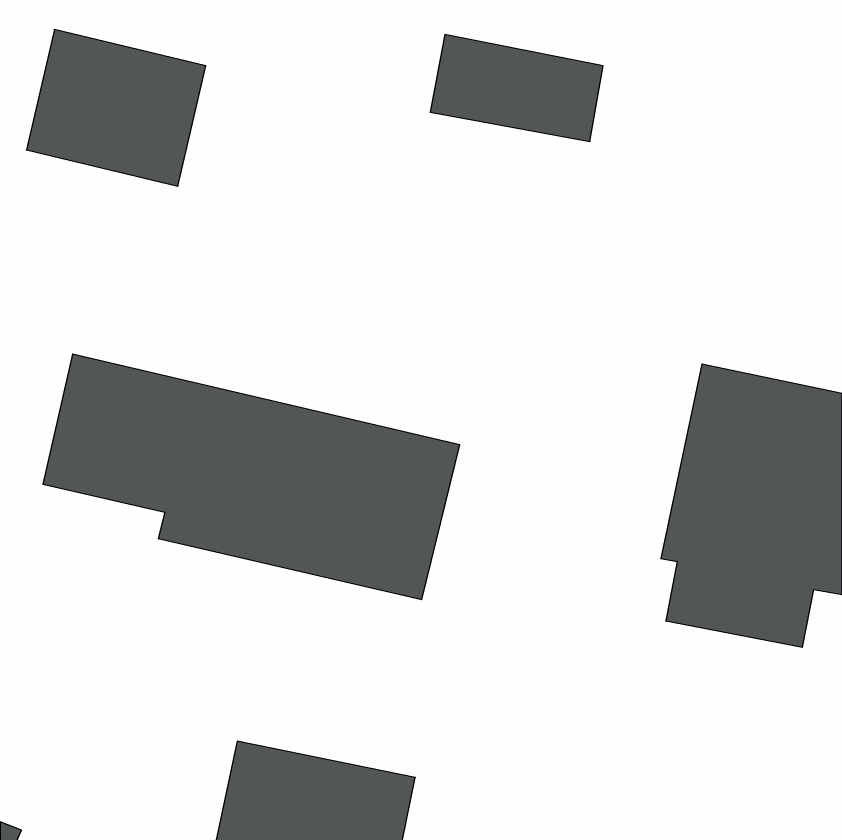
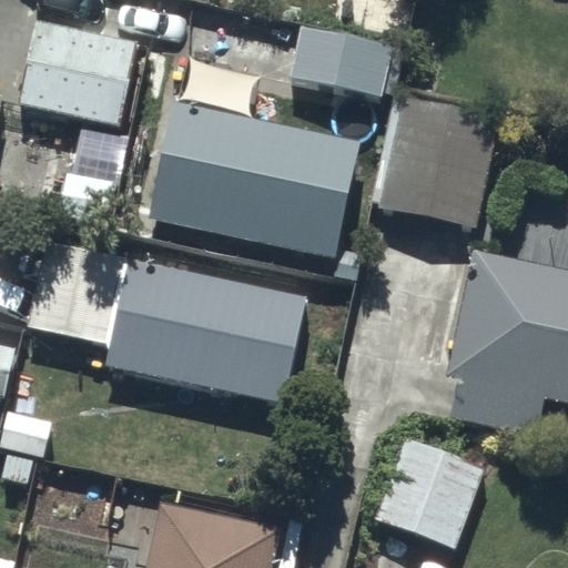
building: none -> [378,95,499,226]
building: none -> [149,101,359,255]
building: none -> [375,428,498,548]

